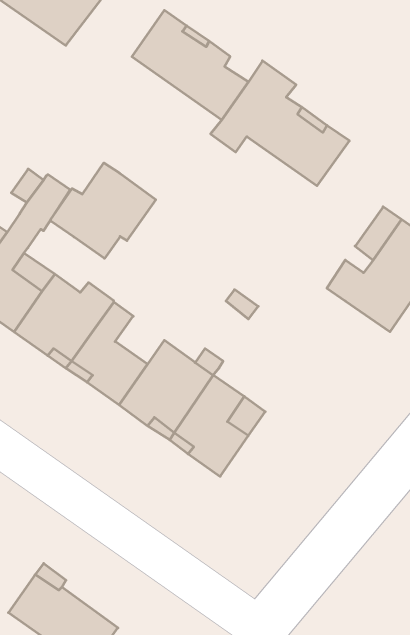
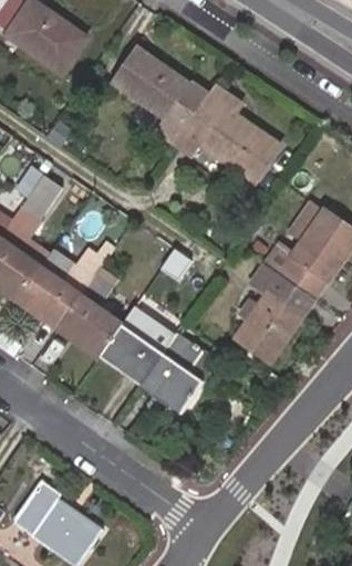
building: [51,163,156,258] -> none
building: none -> [235,262,314,360]

